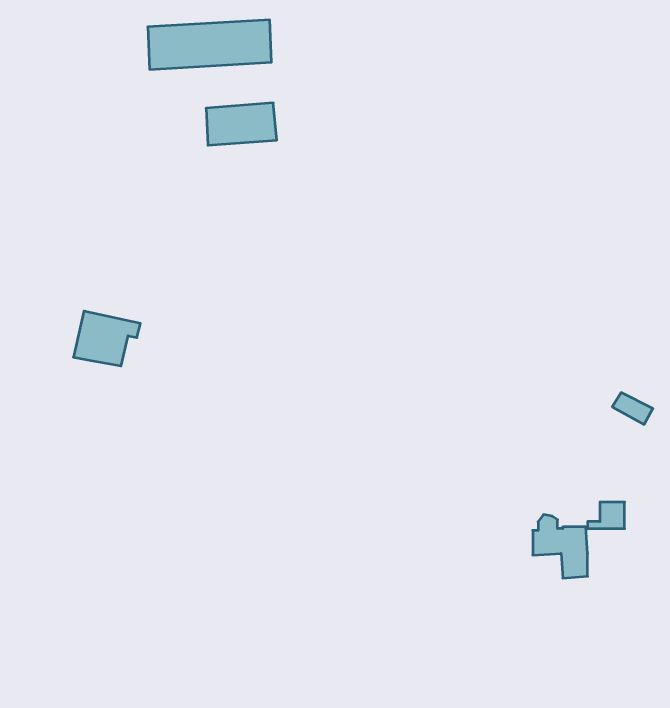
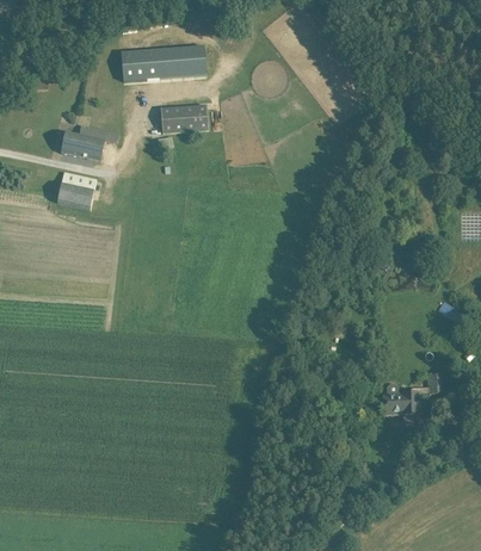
building: none -> [58,123,118,160]
building: [73,311,140,366] -> [55,171,100,208]

